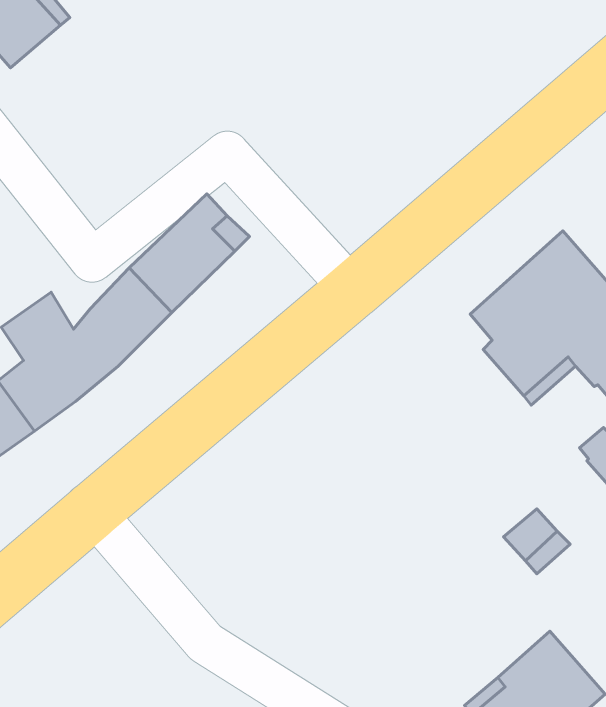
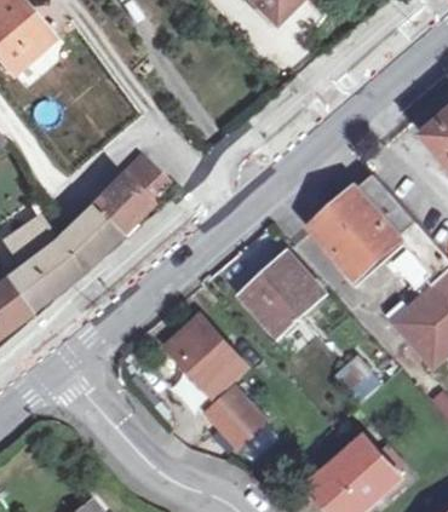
building: none -> [241,257,323,338]
building: none -> [171,318,246,399]
building: none -> [205,389,266,450]

